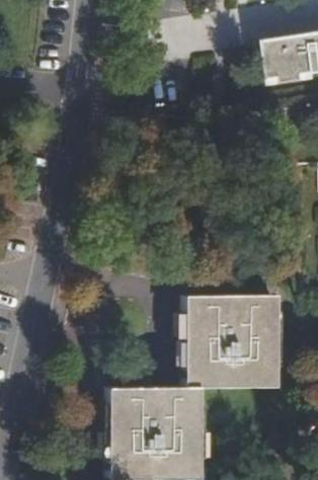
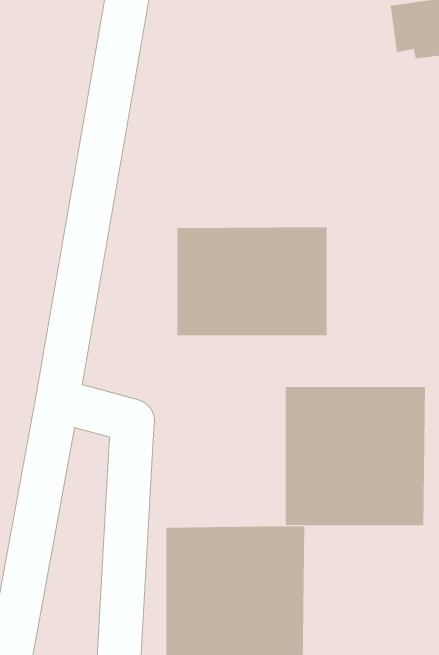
building: none -> [177,226,327,336]

